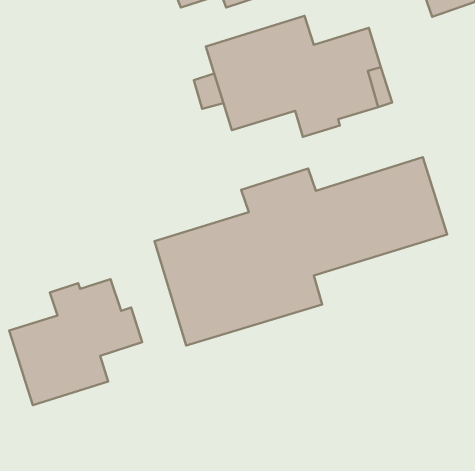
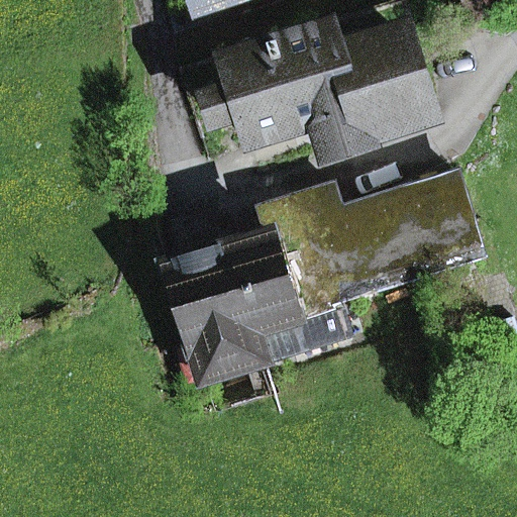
building: [9,279,142,405] -> none

